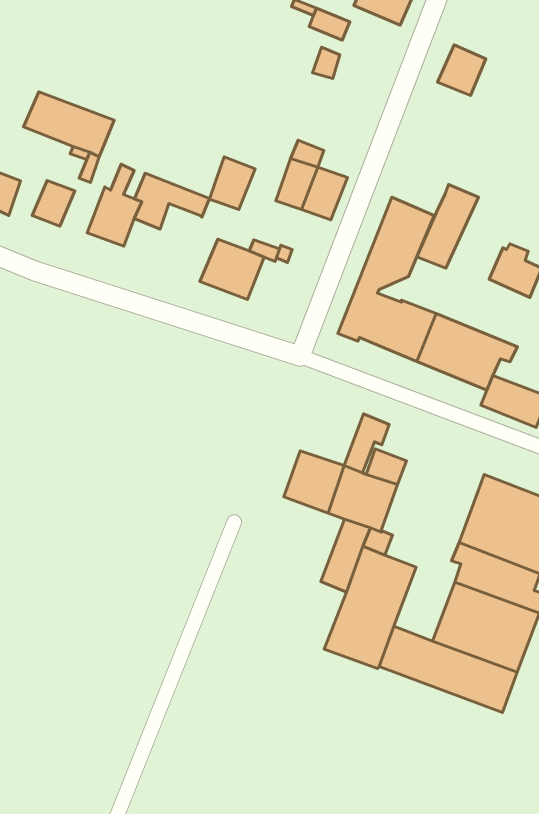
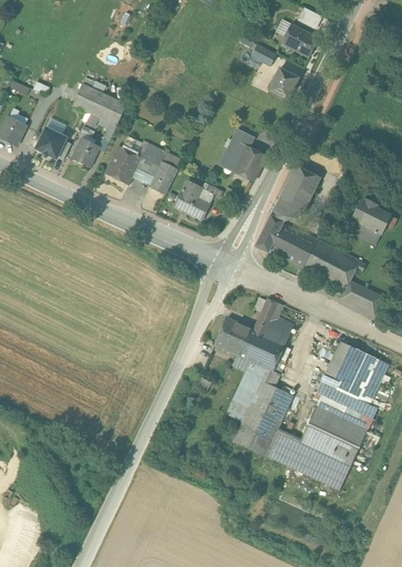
building: [437,45,486,96] -> [268,66,299,99]
building: [209,157,255,209] -> [145,157,175,190]
building: [417,184,478,268] -> none

